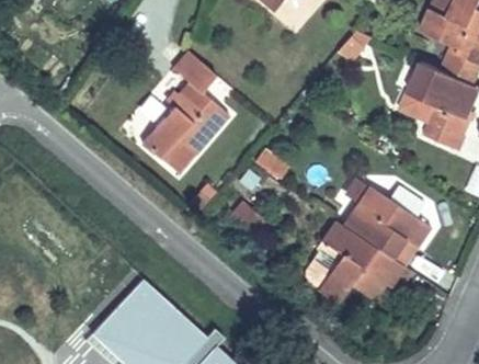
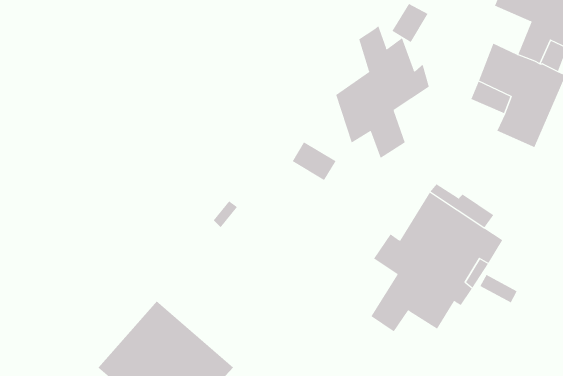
building: none -> [335,25,430,159]
building: [141,52,227,175] -> none

